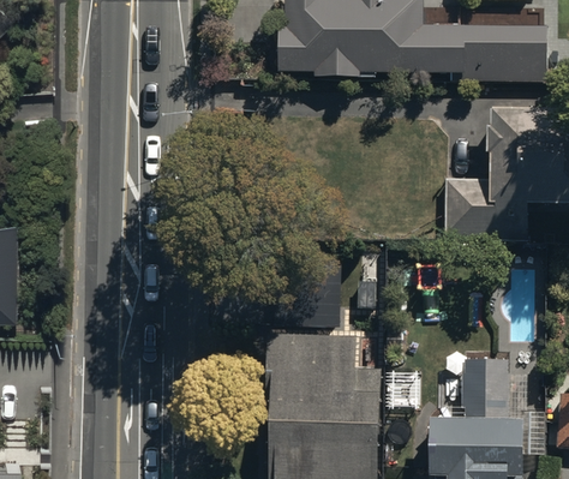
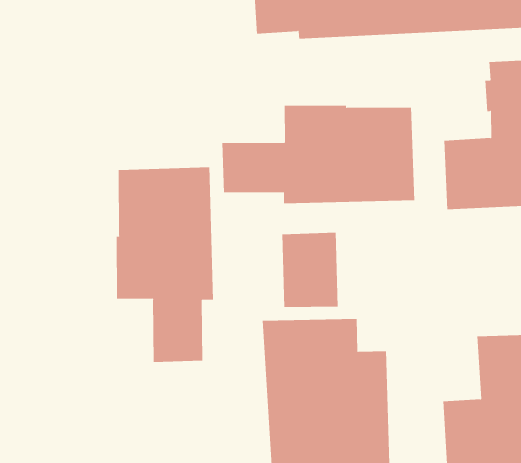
building: none -> [222,105,415,204]
building: none -> [116,167,213,363]

